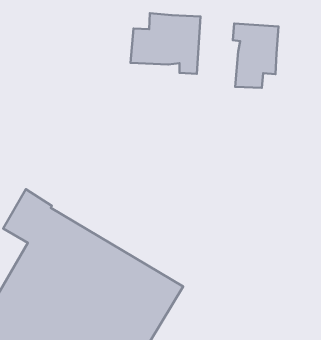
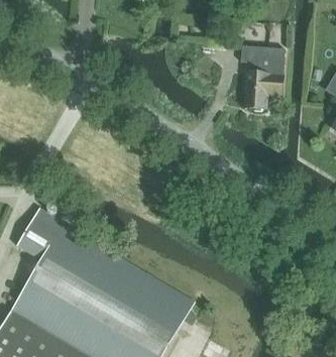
building: [131,13,200,74] -> none

